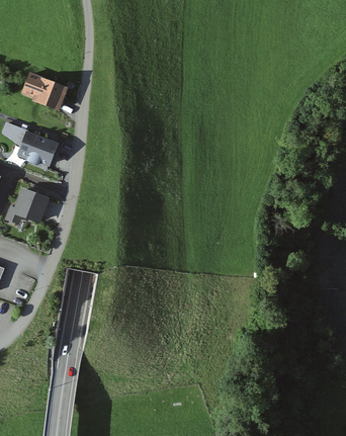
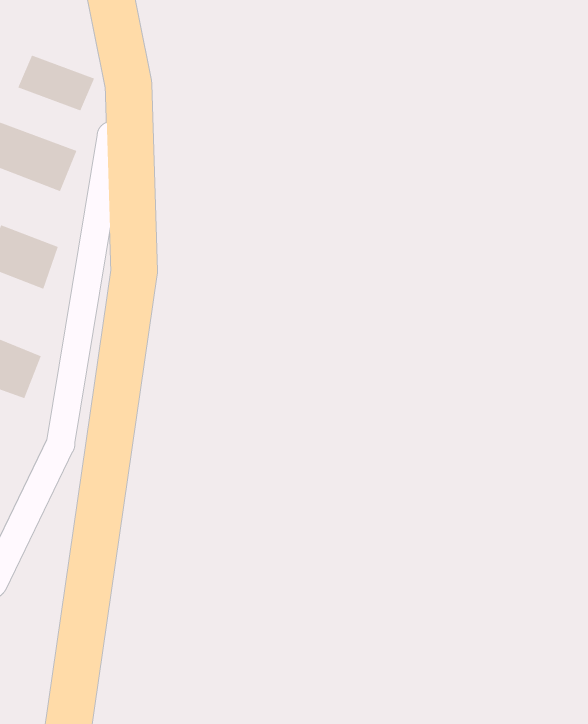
building: none -> [17,54,95,112]

